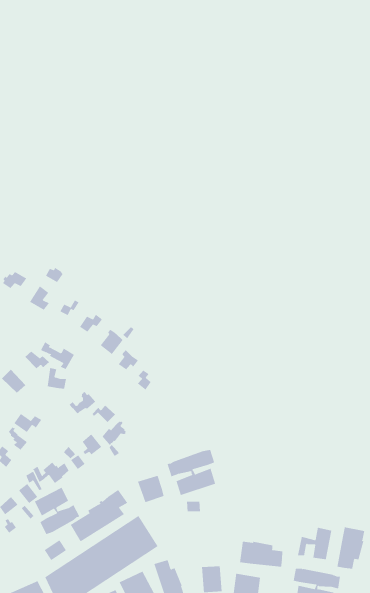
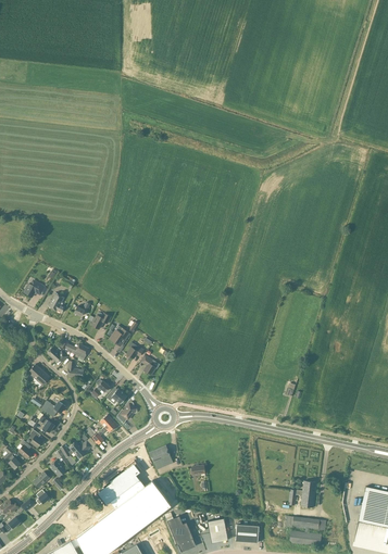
building: [167,449,216,496] -> none
building: [34,487,80,535] -> none
building: [337,527,365,569] -> none
building: [240,541,283,568] -> none

